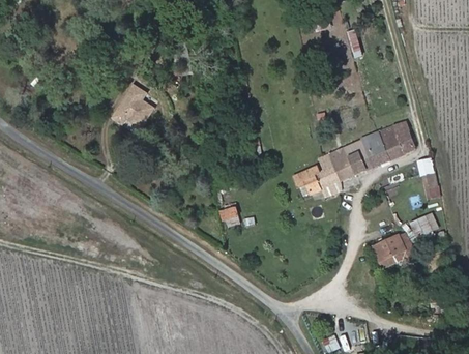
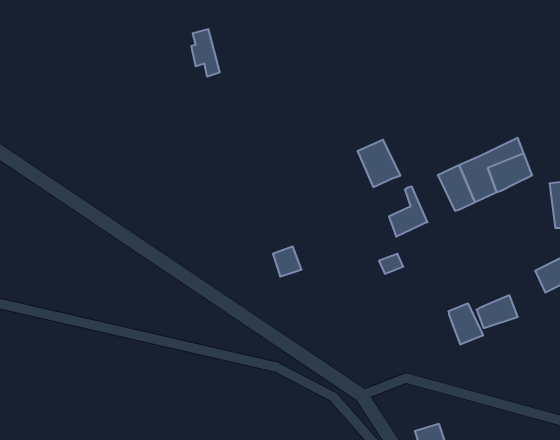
building: [110,88,149,127] -> none
building: [324,149,355,183] -> [357,140,400,187]
building: none -> [448,303,483,345]

